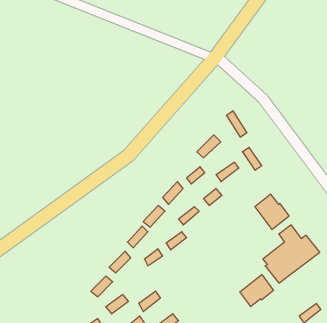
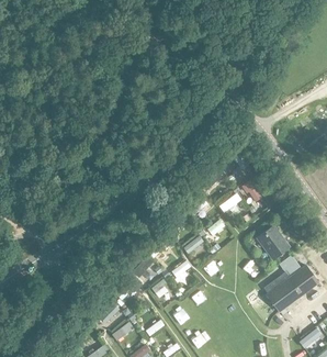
building: [240,275,273,307] -> none

